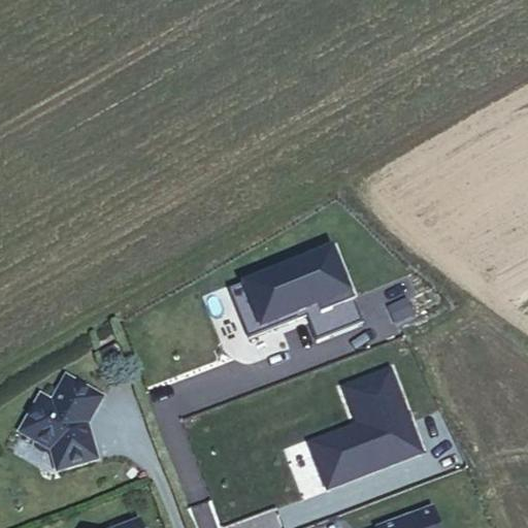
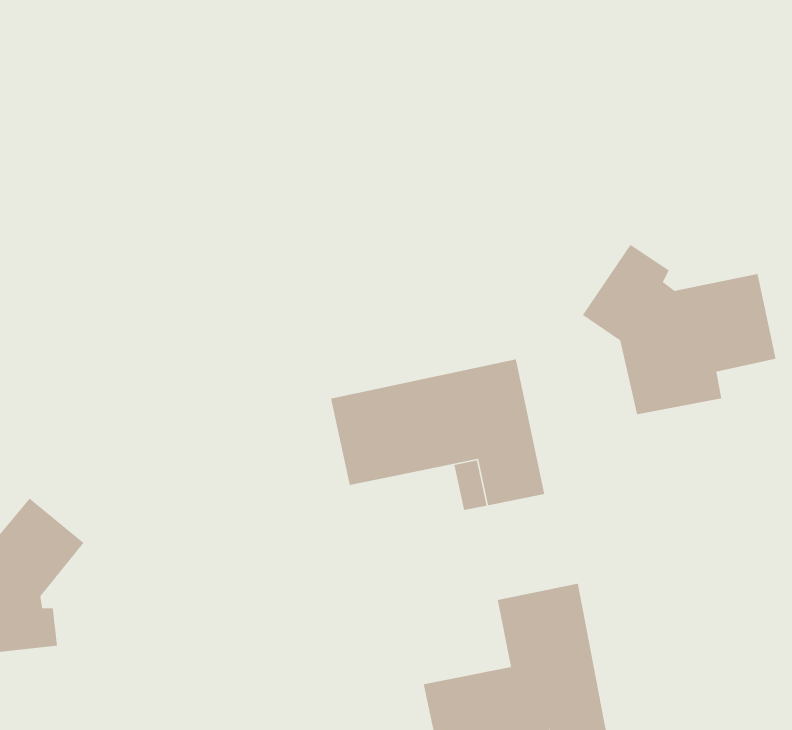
building: none -> [582,244,776,415]

